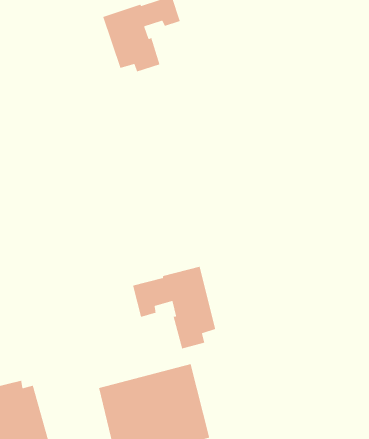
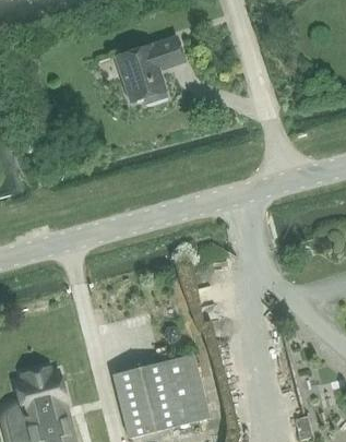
building: [132,266,216,350] -> none

